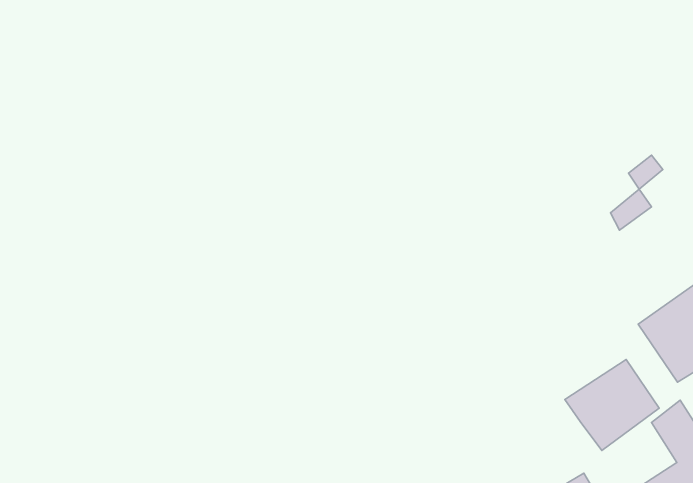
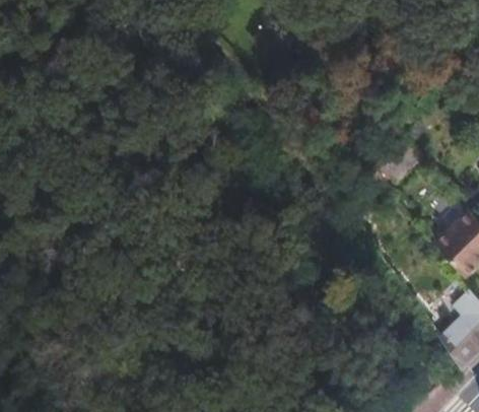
building: [565,359,659,451] -> none

